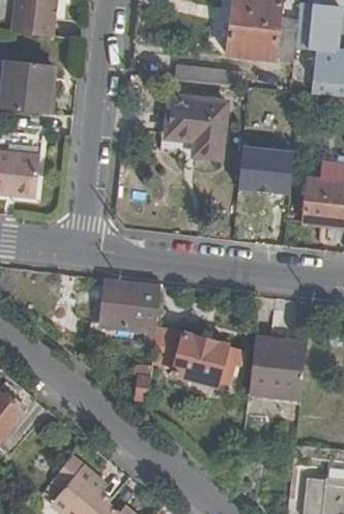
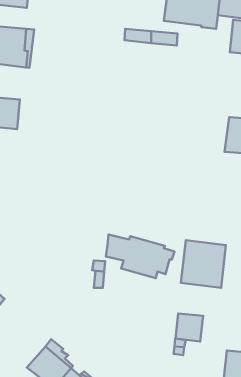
building: [161,94,228,158] -> none
building: [232,143,288,190] -> none
building: [93,276,161,342] -> none
building: none -> [175,313,203,342]

